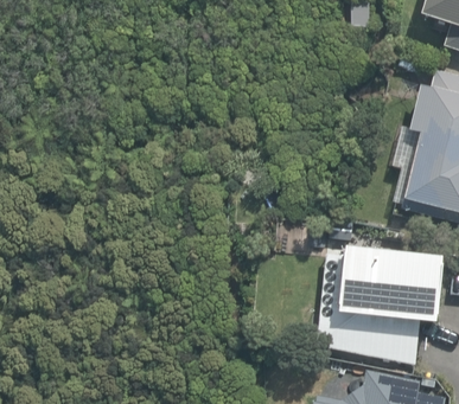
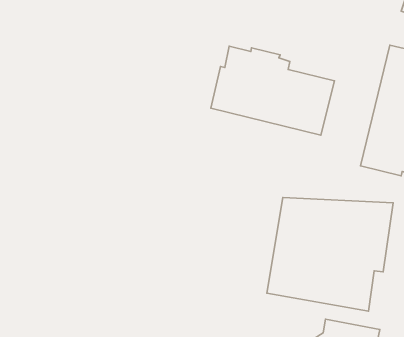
building: none -> [211,46,334,135]

